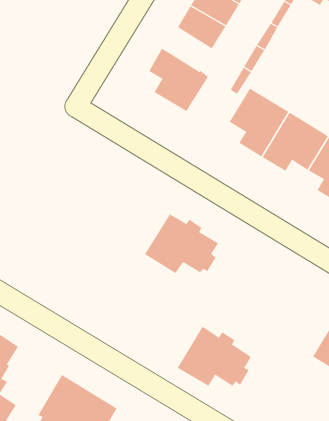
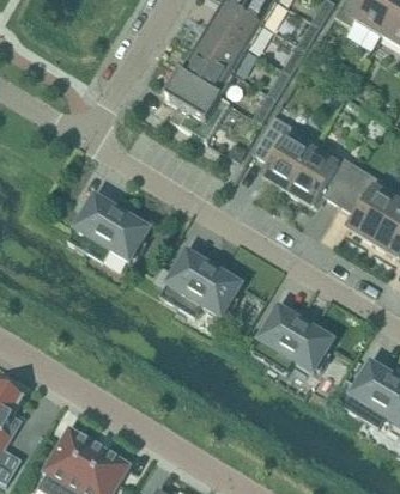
building: none -> [181,49,234,97]
building: none -> [67,195,149,261]
building: [177,326,252,387] -> [251,306,333,372]

